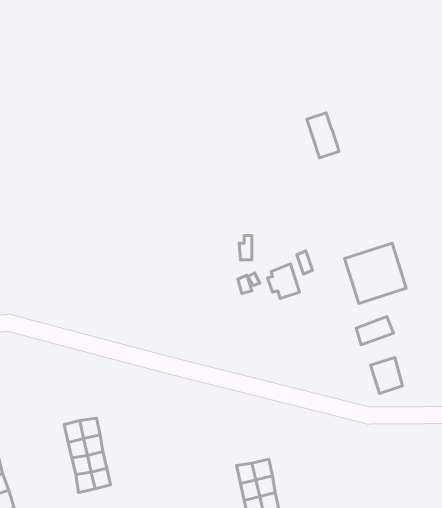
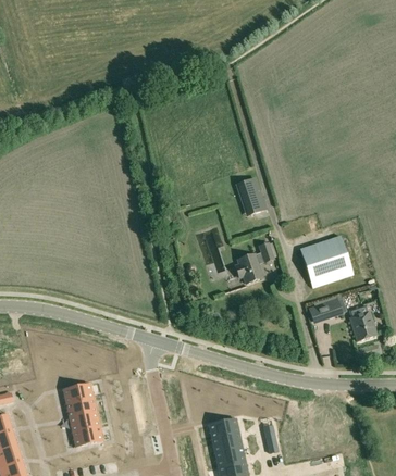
building: [307,113,339,158] -> [239,177,267,215]
building: [370,357,403,393] -> [349,311,376,341]

